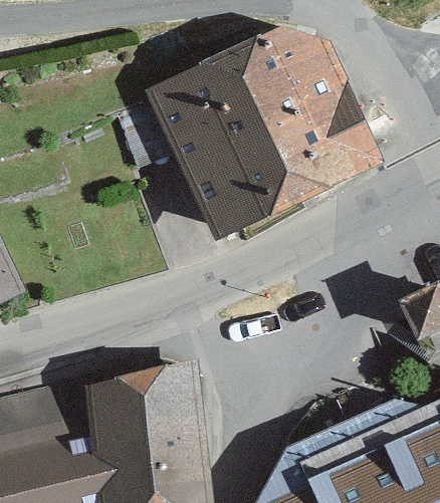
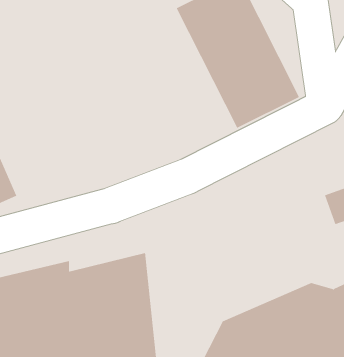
building: [147,61,302,251] -> none

